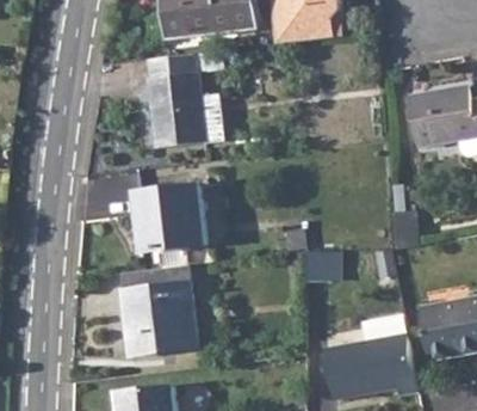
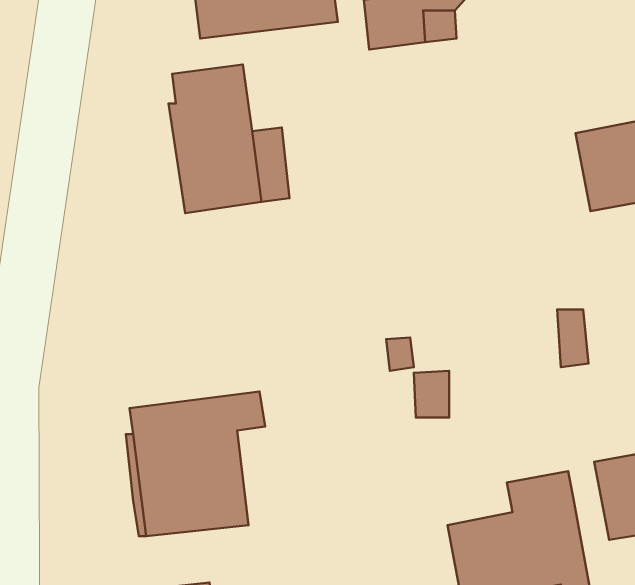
building: [134,184,206,253] -> none

